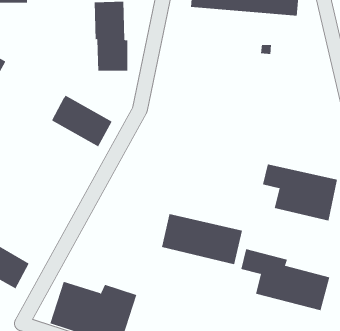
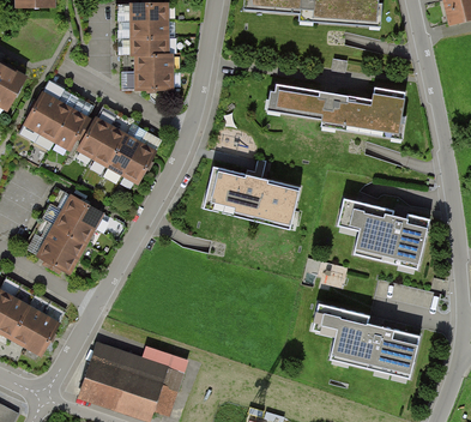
building: none -> [274,82,409,132]
building: none -> [26,91,95,152]
building: none -> [35,197,98,271]
building: [161,214,243,265] -> [204,164,303,227]

